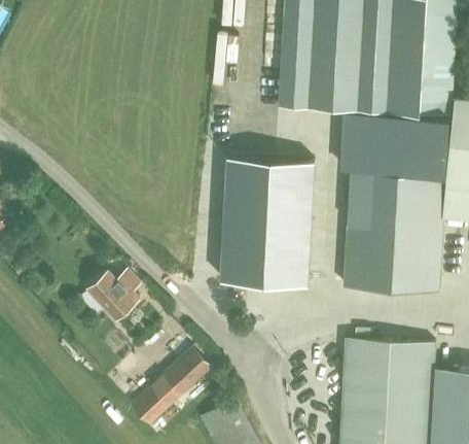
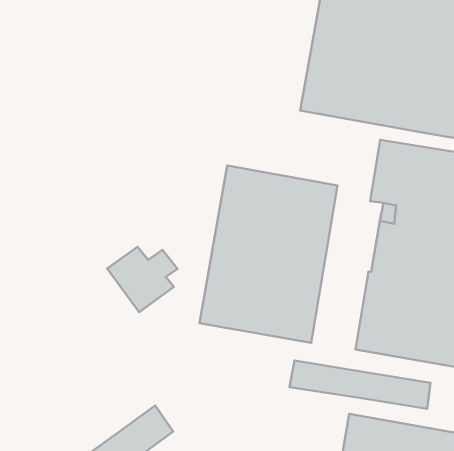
building: [86,272,141,322] -> [107,247,177,312]
building: none -> [290,360,431,409]

